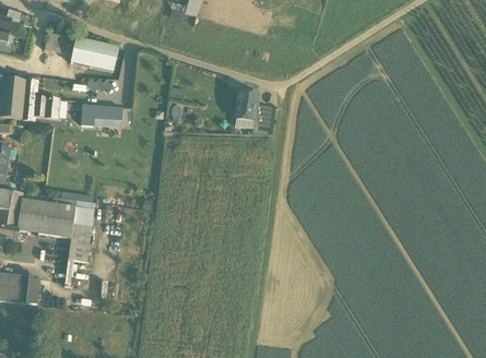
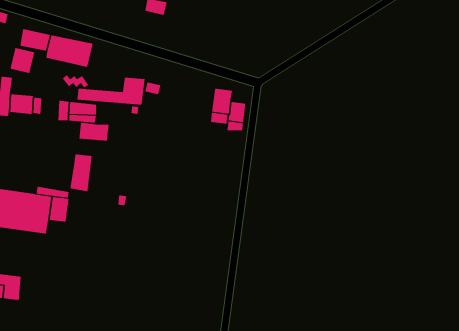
building: none -> [10,47,35,74]
building: none -> [77,77,145,105]
building: none -> [79,122,109,141]
building: [68,224,91,262] -> [70,154,92,192]

